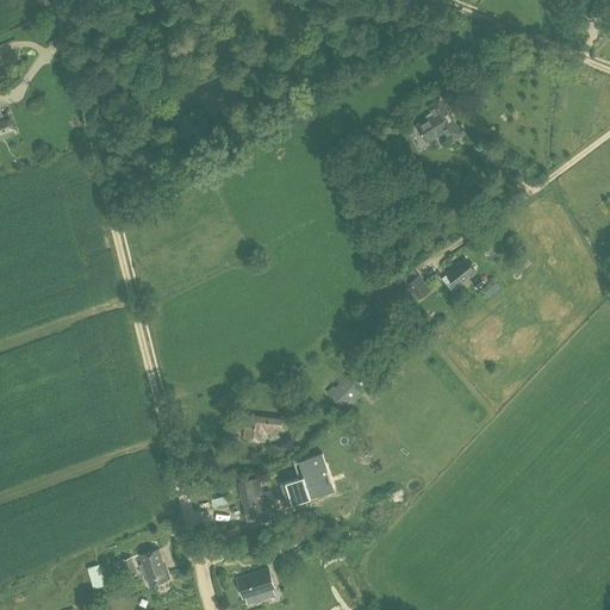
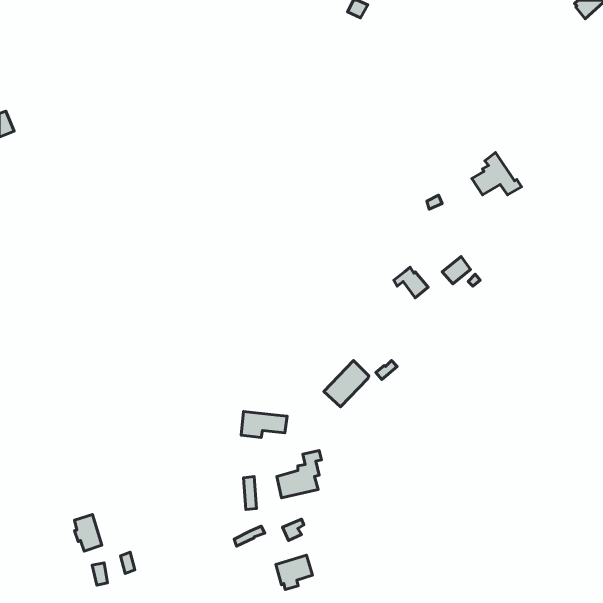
building: [415,100,465,143] -> [472,152,522,195]
building: [139,549,167,586] -> [75,514,102,551]
building: [237,569,274,604] -> [276,555,312,589]

